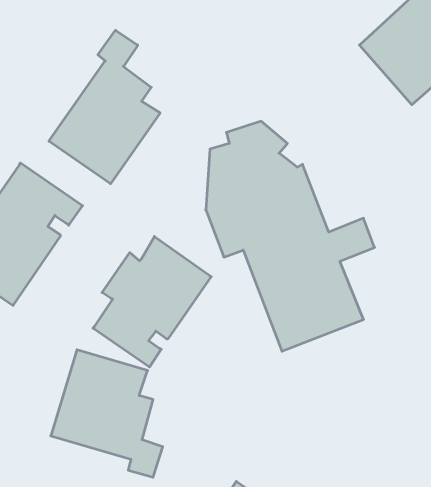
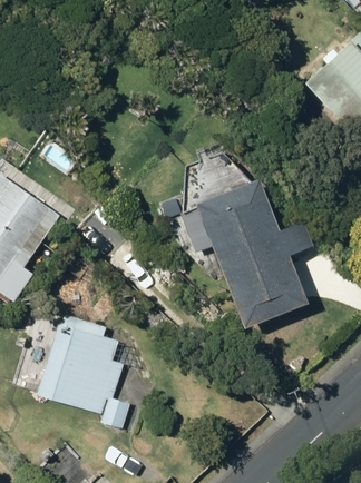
building: [49,30,160,184] -> none
building: [93,236,211,367] -> none

